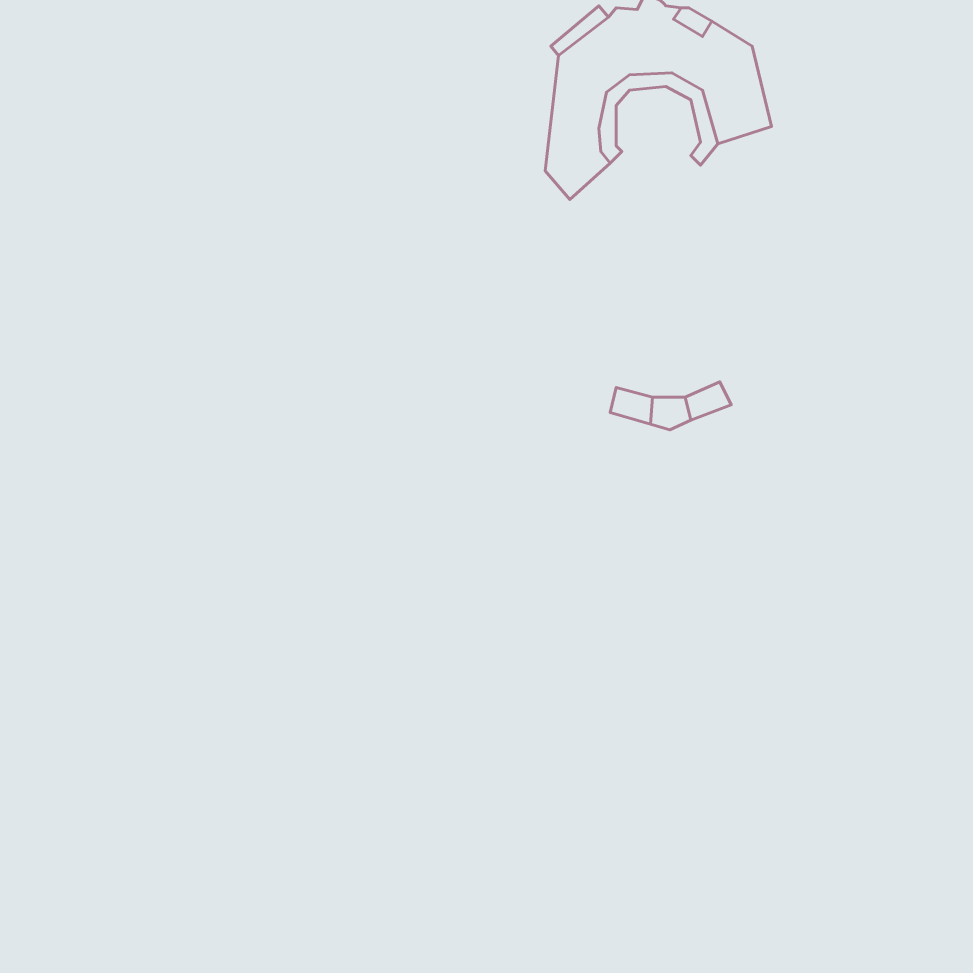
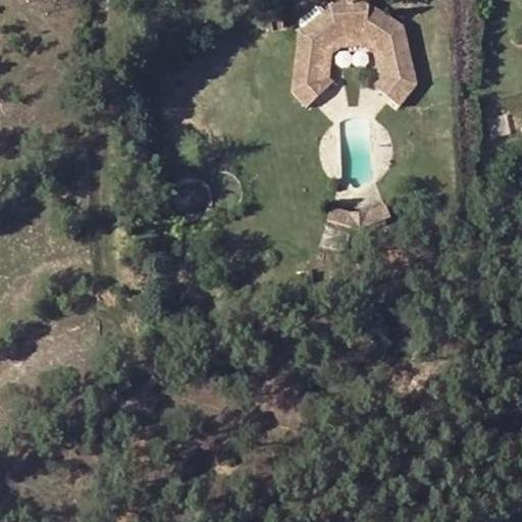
building: none -> [376,67,418,105]

